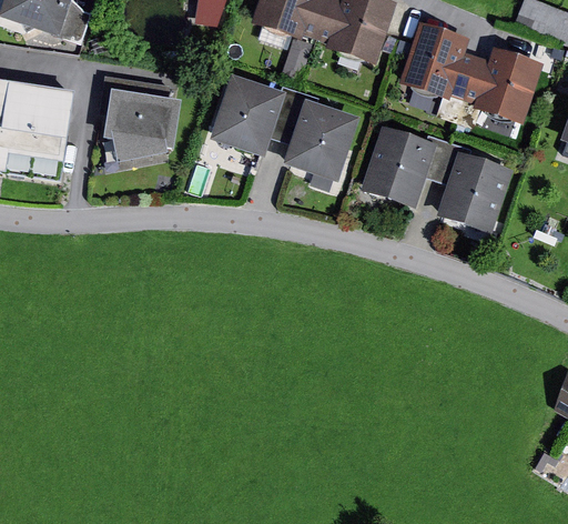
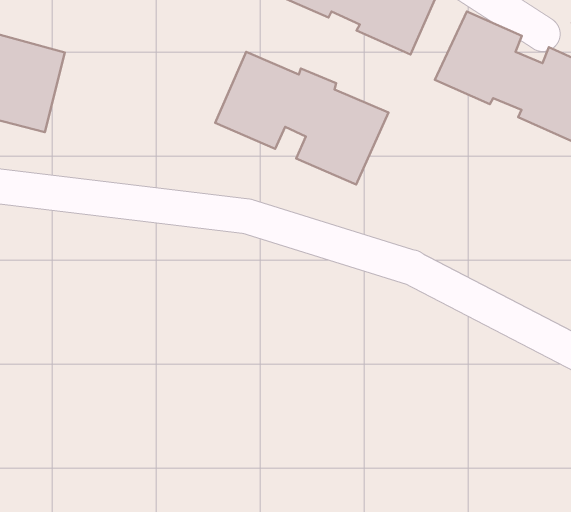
building: [99,74,181,162] -> none
building: [362,125,510,233] -> none

